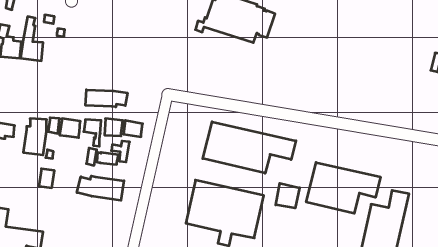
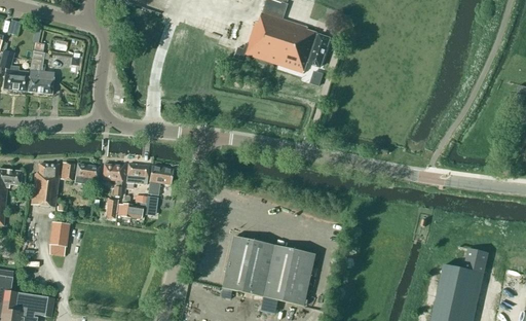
building: [86,90,127,107] -> none
building: [203,122,296,173] -> none
building: [306,162,380,213] -> none
building: [77,176,124,200] -> none
building: [276,183,300,208] -> none

